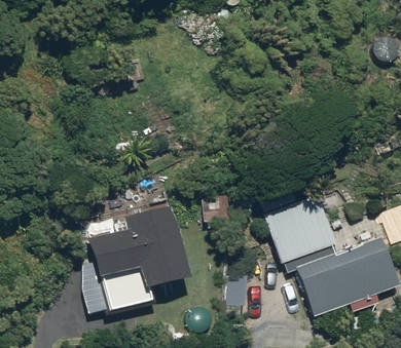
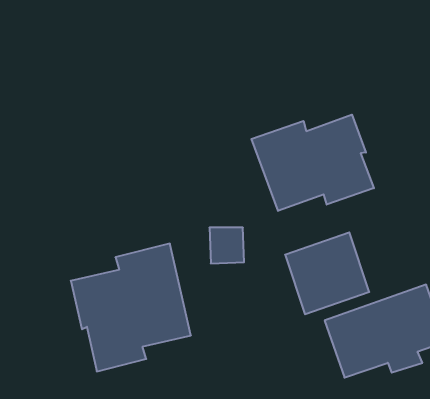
building: none -> [251,115,374,211]

